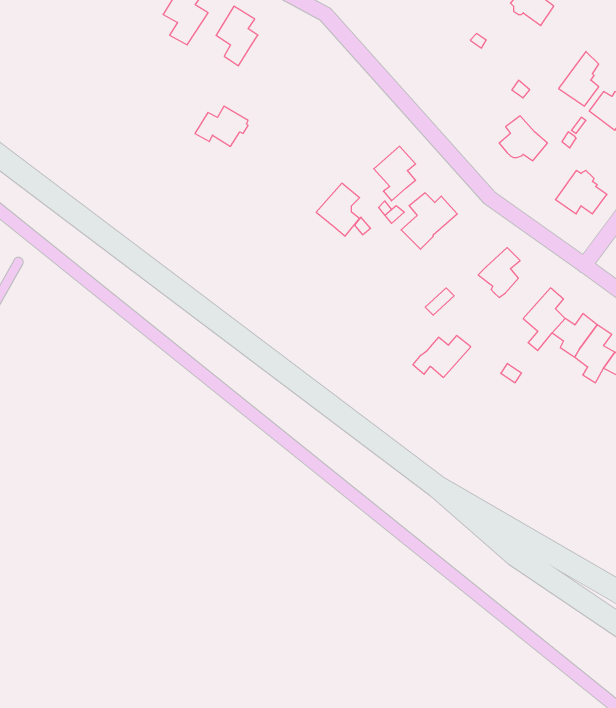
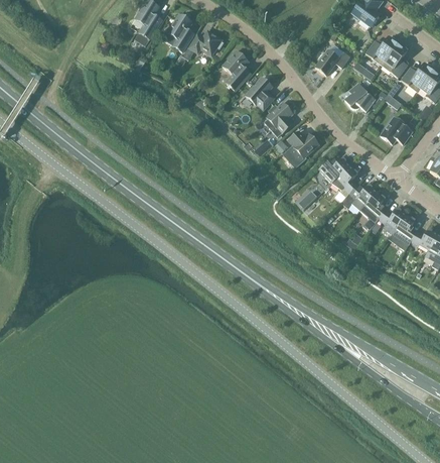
building: none -> [365,36,399,66]
building: none -> [315,49,350,75]
building: none -> [222,50,251,91]
building: [195,106,248,146] -> [188,30,222,55]
building: [316,183,360,236] -> [245,77,272,110]
building: none -> [318,156,349,183]
building: [413,336,471,377] -> [340,184,377,210]

